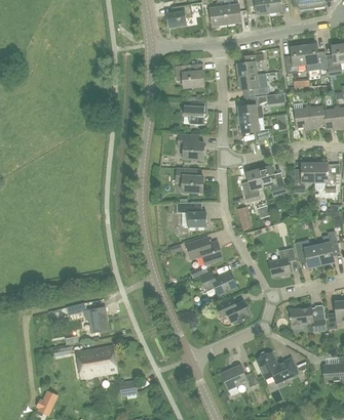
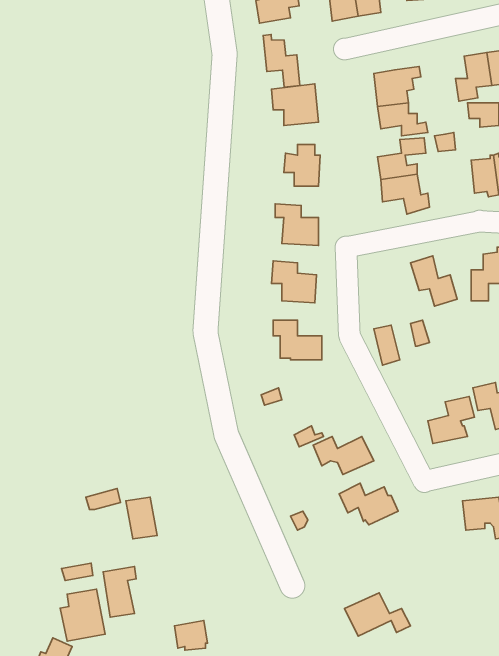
building: none -> [263,35,300,87]
building: [242,168,263,201] -> none
building: [186,236,222,262] -> none
building: [90,344,117,375] -> [60,589,105,641]
building: [256,350,297,381] -> none

